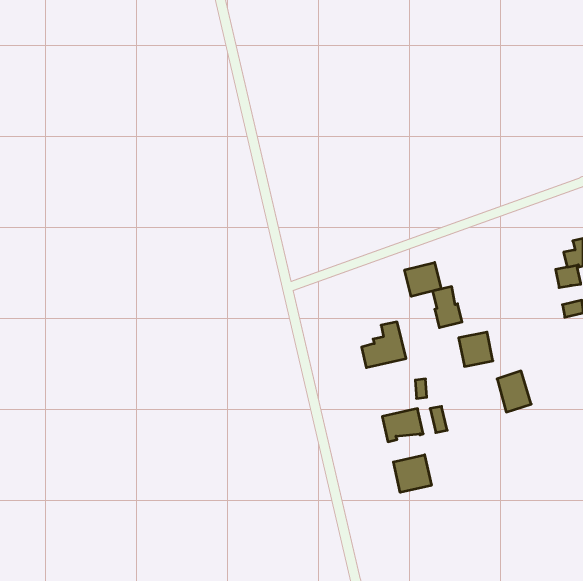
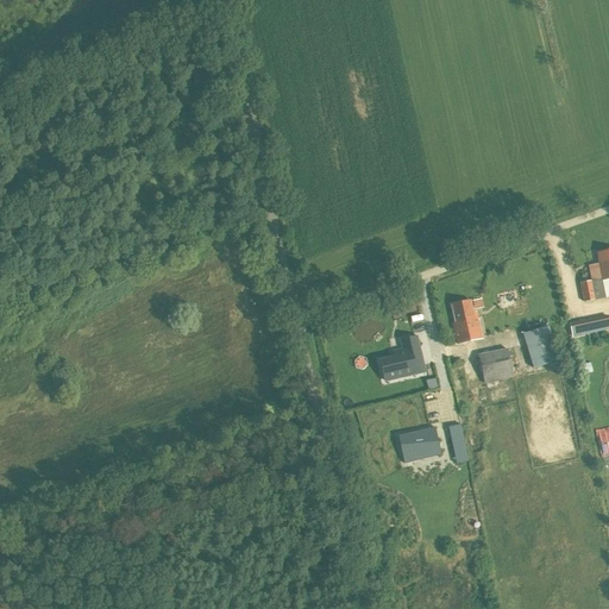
building: [405,262,441,296] -> none
building: [497,371,531,412] -> [523,324,559,366]
building: [393,455,431,492] -> none

